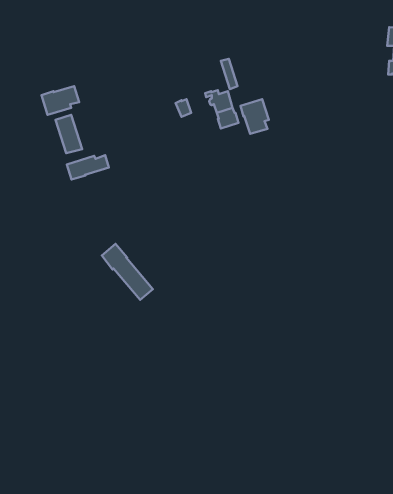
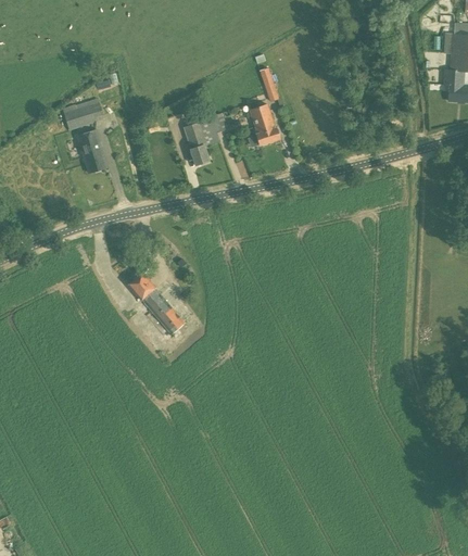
building: [241,99,269,134] -> none
building: none -> [185,123,210,165]
building: [67,155,109,180] -> none

